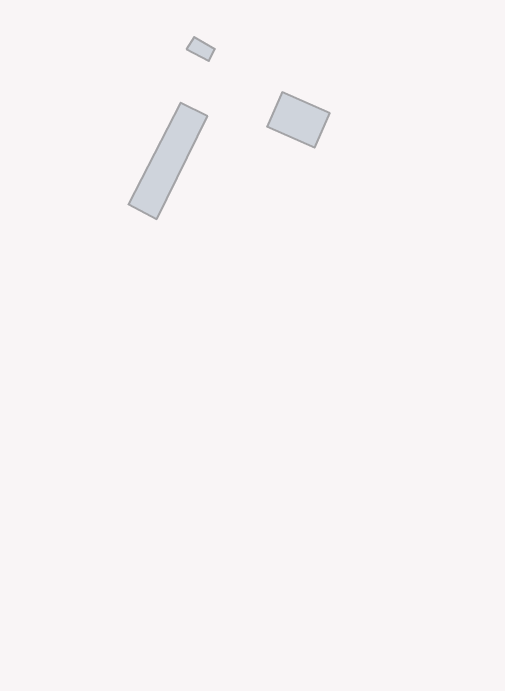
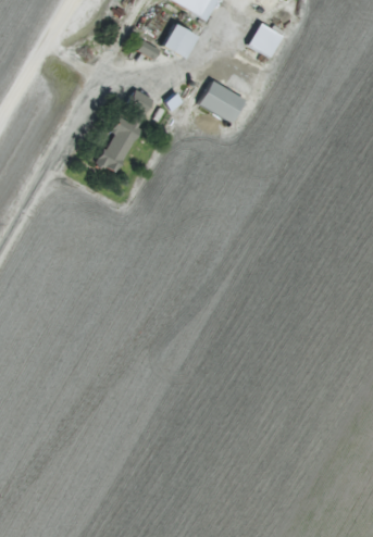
building: none -> [248,23,282,57]
building: none -> [161,24,196,59]

